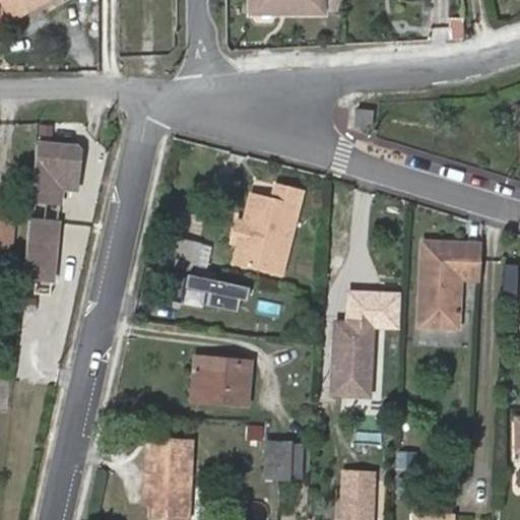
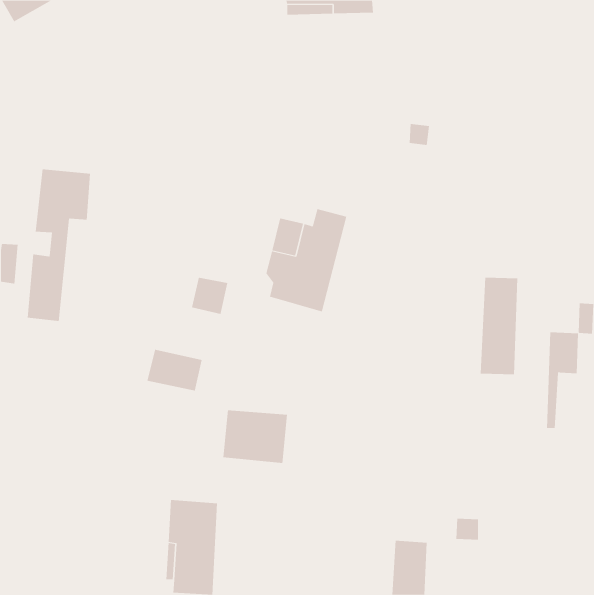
building: [450,243,478,327] -> [546,332,579,429]
building: [198,273,247,310] -> [146,349,202,391]
building: [334,289,402,411] -> none
building: [268,444,304,477] -> none

